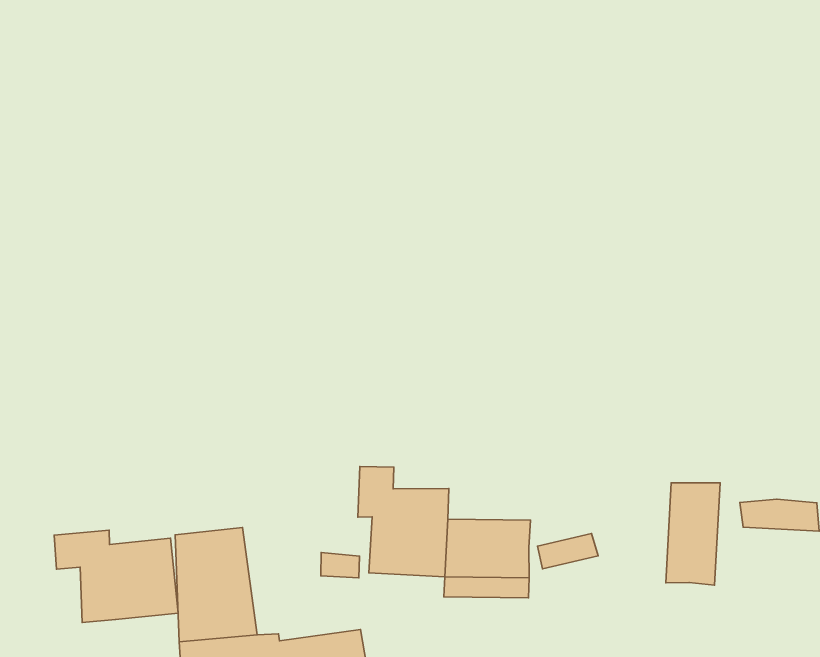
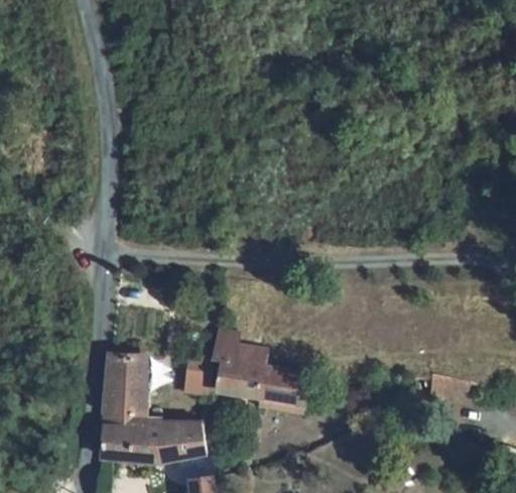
building: [666,483,720,585] -> none
building: [54,530,178,622] -> none

